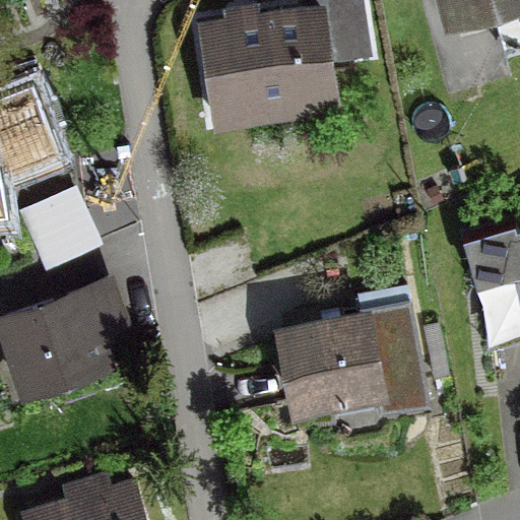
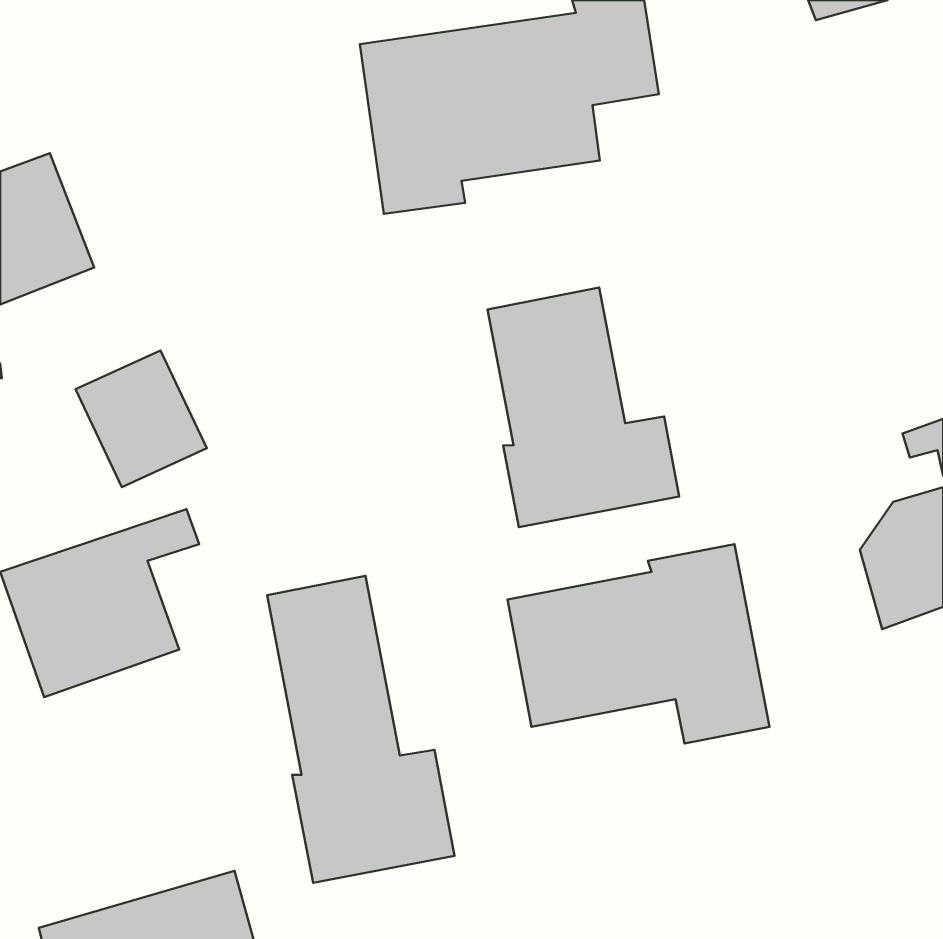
building: none -> [488,288,679,527]
building: none -> [267,576,455,883]

